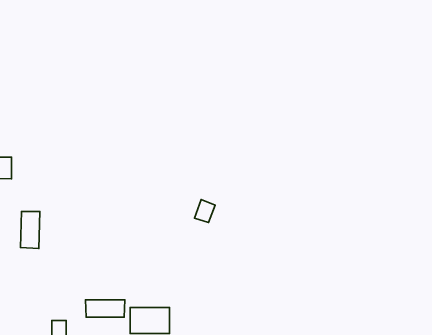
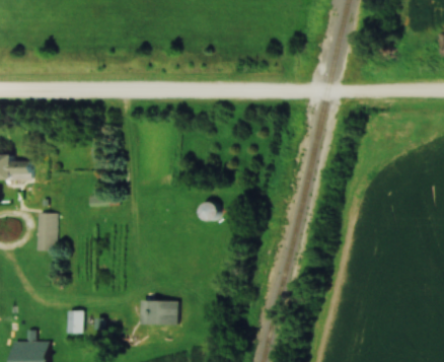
building: [86,300,125,317] -> none

